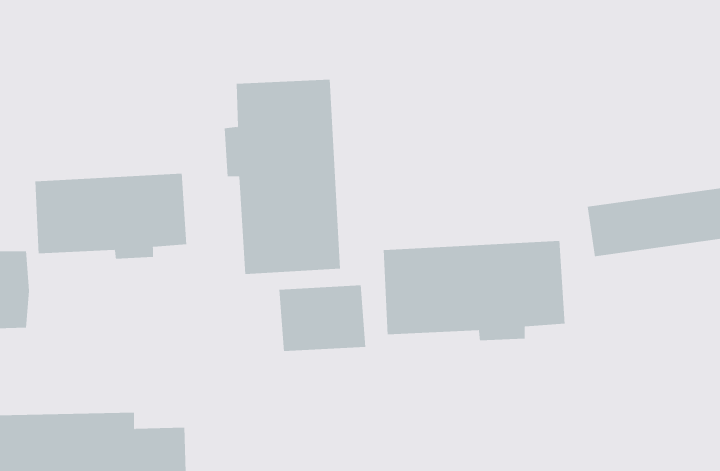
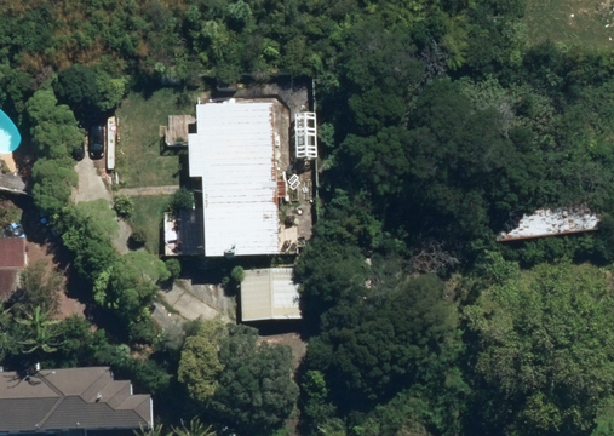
building: [35,173,187,260] -> none
building: [383,240,565,341] -> none

